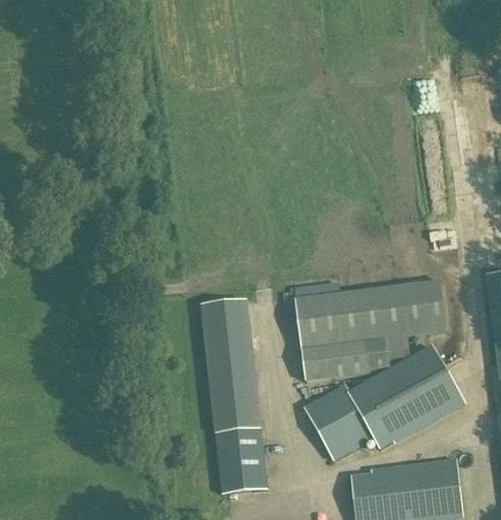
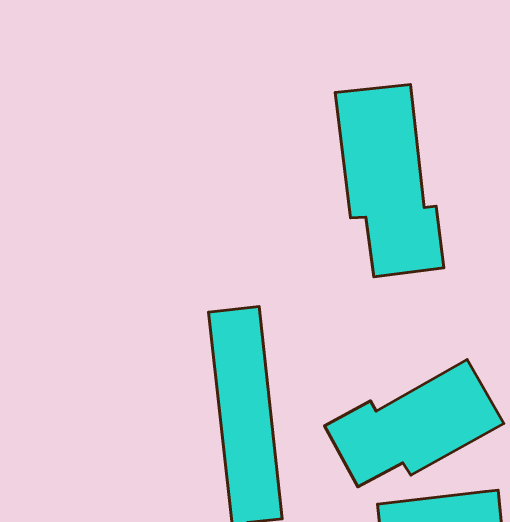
building: none -> [335,85,444,277]
building: [295,281,447,381] -> none

